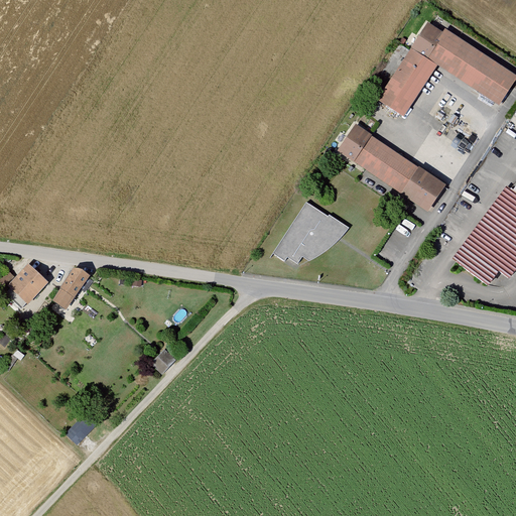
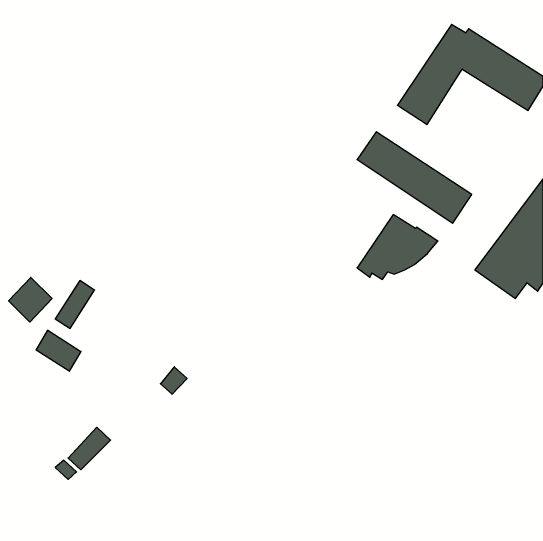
building: [272,202,349,263] -> [357,215,438,279]
building: none -> [36,330,81,371]

